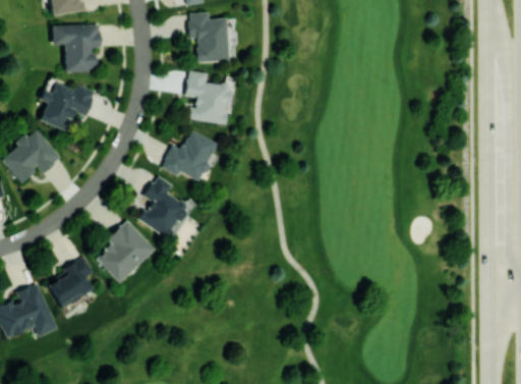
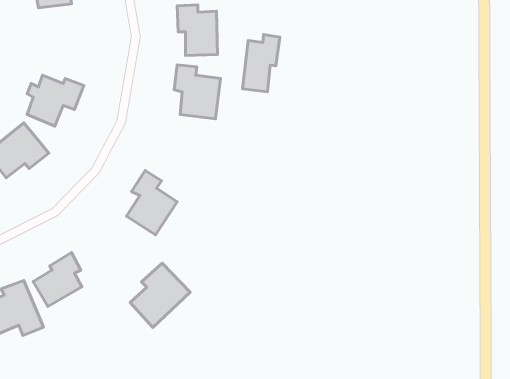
building: [53,24,101,72] -> none
building: none -> [243,35,280,92]
building: [161,130,219,181] -> none
building: [96,220,155,283] -> [130,263,190,327]

